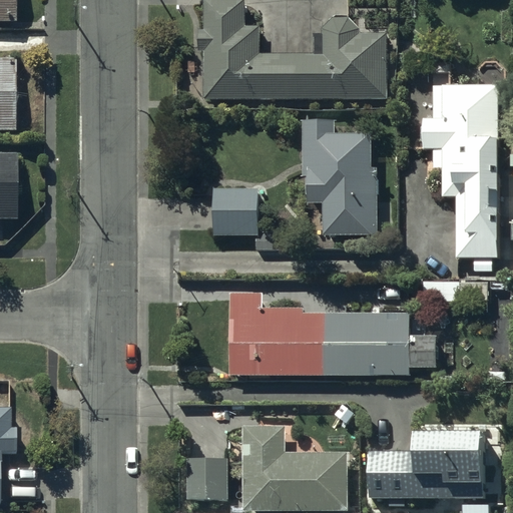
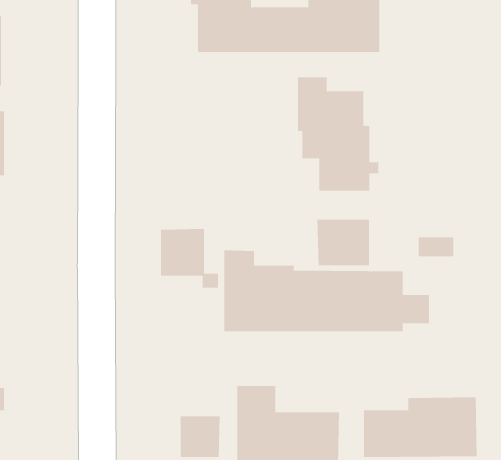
building: [423,84,498,258] -> none
building: [213,187,272,246] -> [160,229,219,288]
building: none -> [317,219,370,266]

